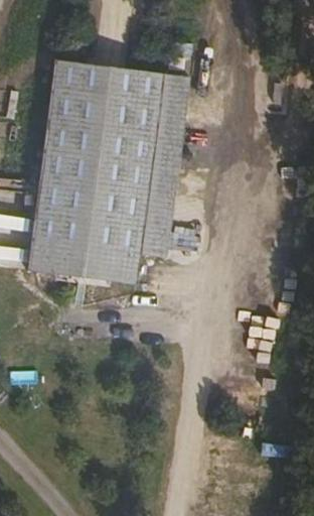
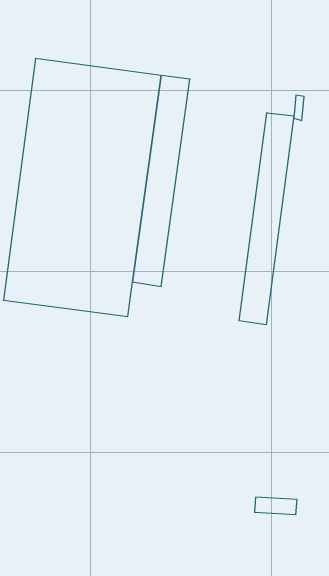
building: none -> [239,113,294,325]

